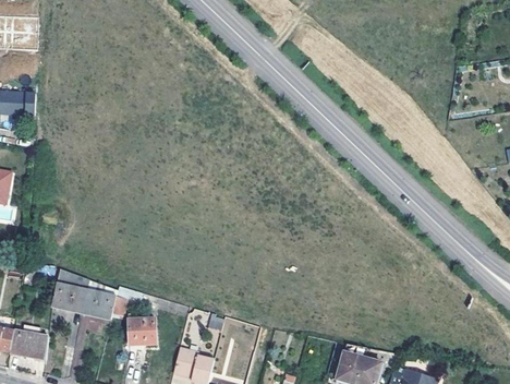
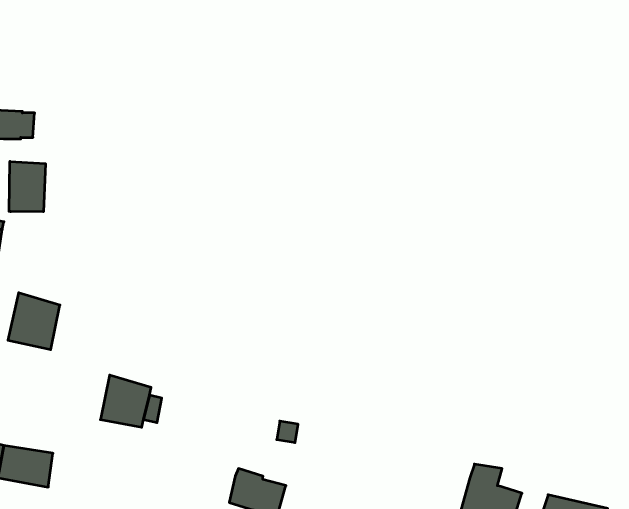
building: none -> [9,161,45,212]
building: [51,273,88,313] -> [8,293,60,350]
building: [127,317,157,345] -> none

